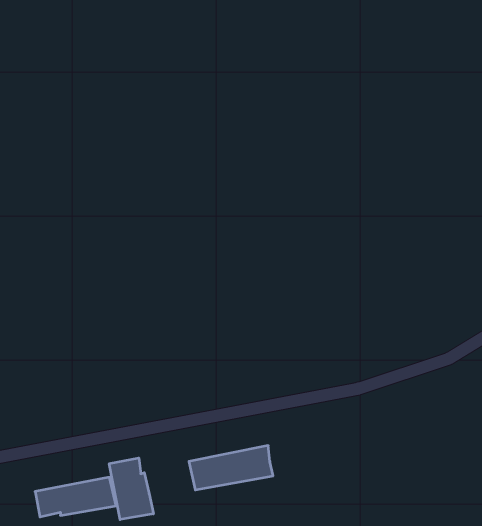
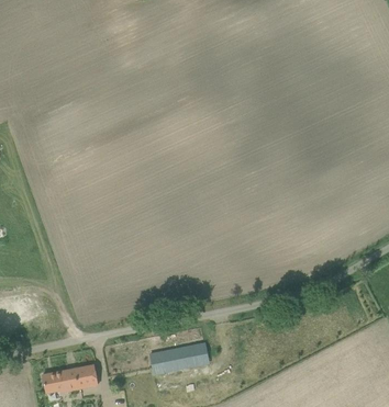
building: [109,458,153,520] -> none

